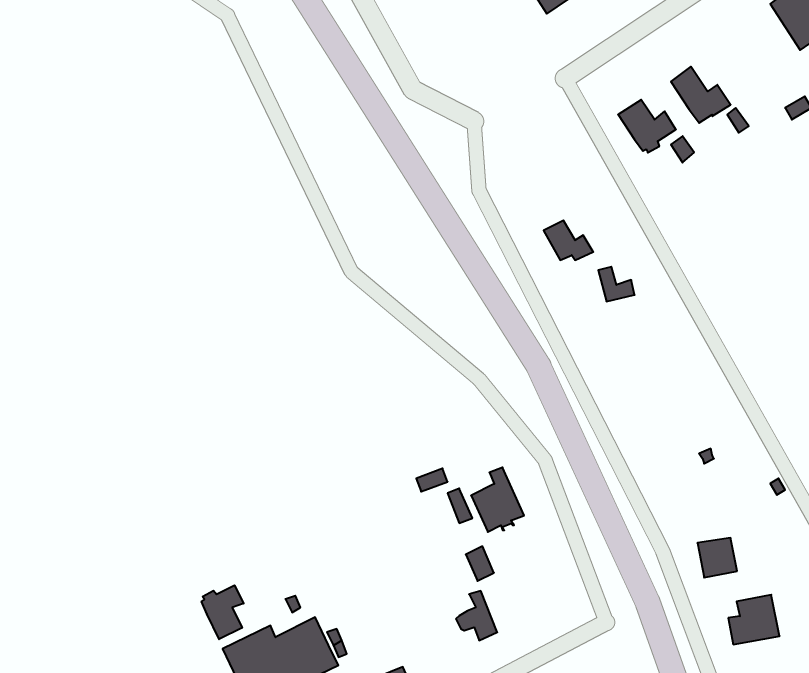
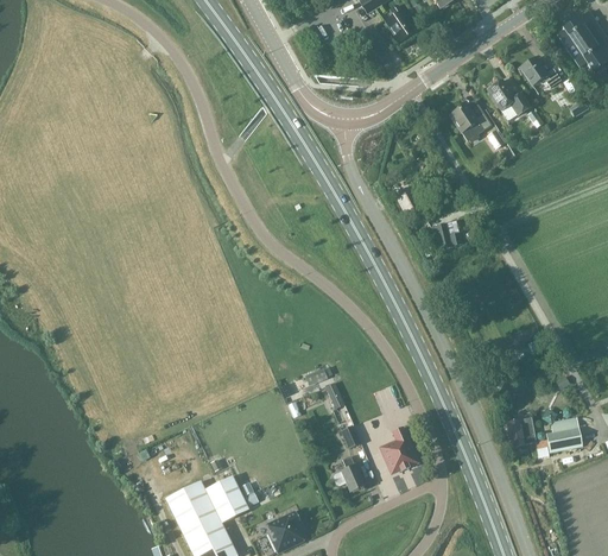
building: none -> [520,59,560,88]
building: [471,467,524,532] -> [379,428,417,474]
building: [202,585,244,639] -> none
building: [728,595,780,644] -> [544,417,581,453]

